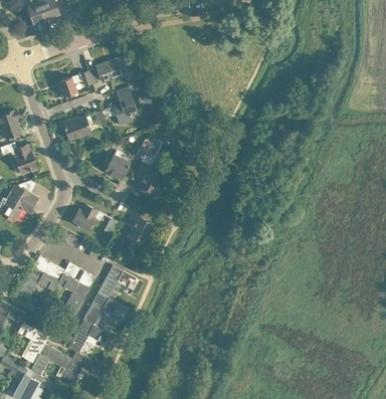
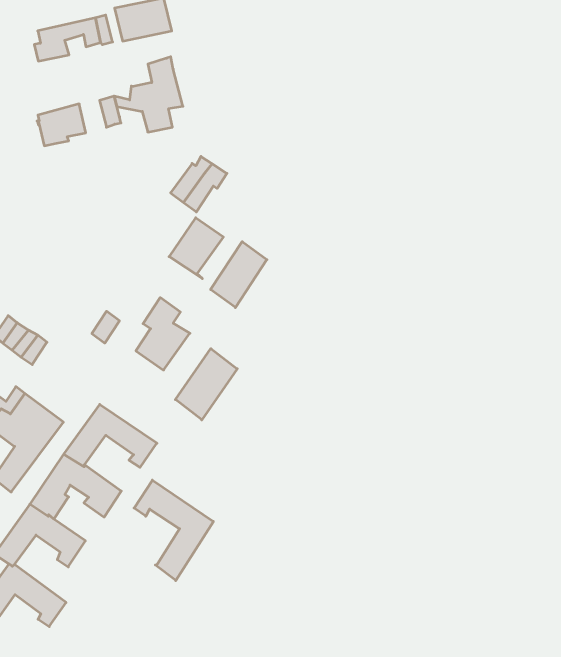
building: [106,154,132,178] -> none
building: none -> [211,242,267,308]
building: [72,204,104,230] -> none
building: none -> [175,349,237,420]
building: none -> [134,480,213,581]

